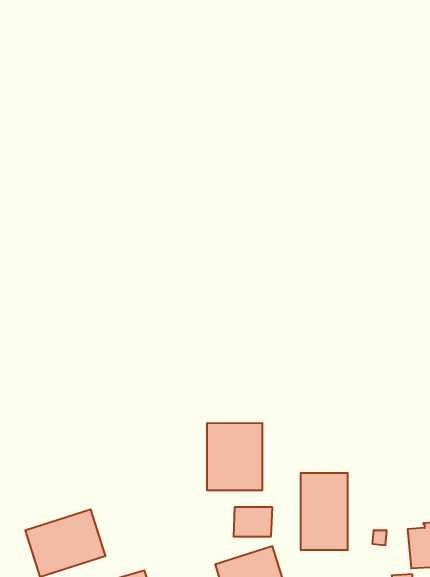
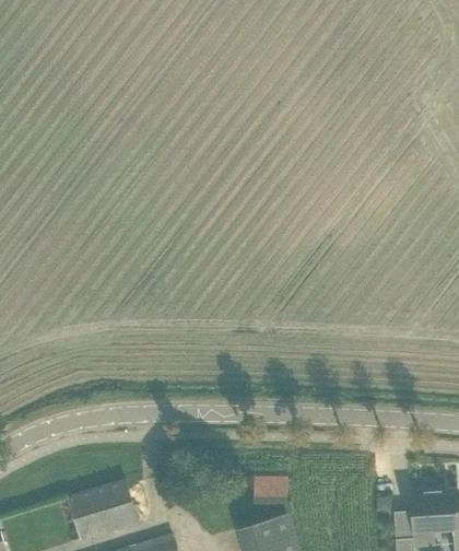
building: [207,423,262,490] -> none
building: [301,473,348,550] -> none

